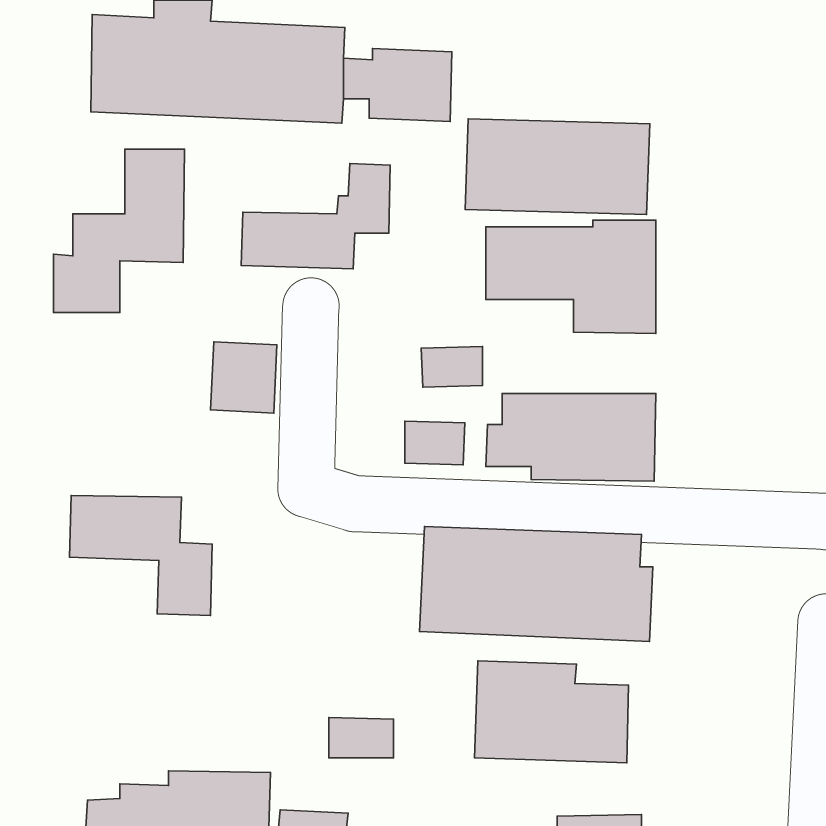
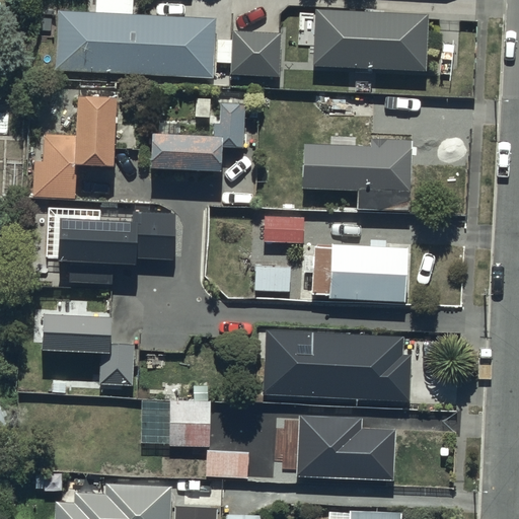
building: [465,119,650,214] -> [313,8,429,68]
building: none -> [60,219,127,283]
building: none -> [140,400,209,448]

